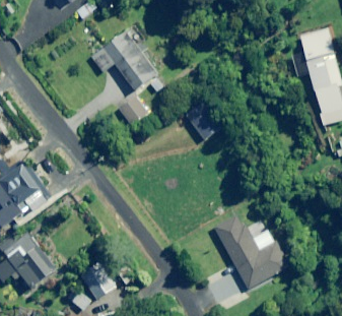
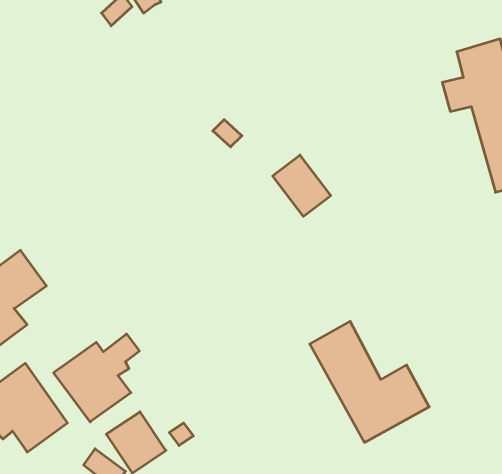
building: [91,30,158,90] -> none
building: [119,97,147,125] -> none
building: none -> [54,334,139,422]

